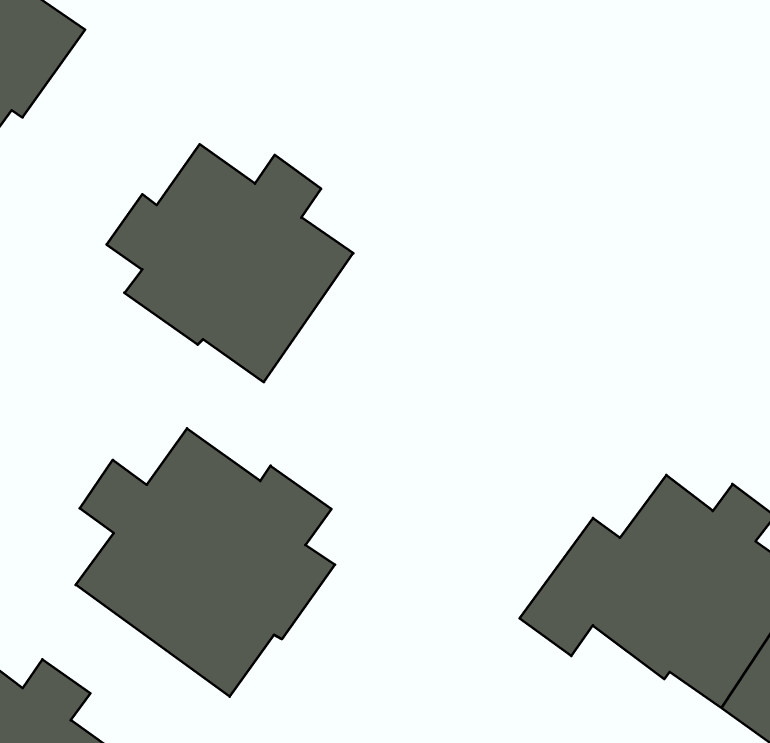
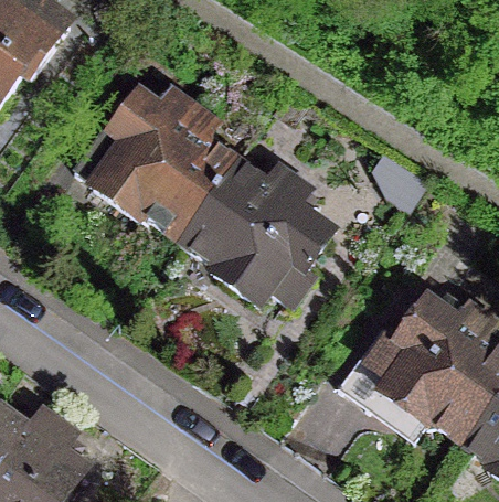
building: none -> [179,159,330,302]
building: [76,428,335,697] -> none

